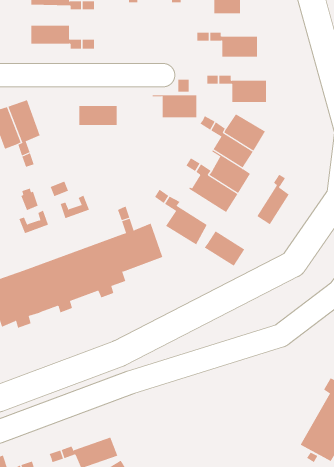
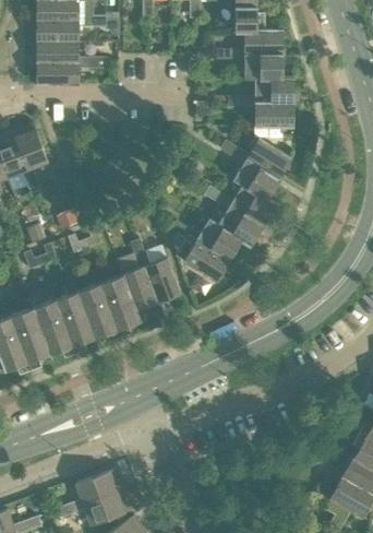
building: none -> [37,20,80,42]
building: none -> [236,29,284,54]
building: [152,95,197,118] -> [244,76,293,102]
building: [78,106,118,126] -> [37,62,80,84]
building: [256,174,290,225] -> none
building: [204,230,245,267] -> [196,220,241,259]
building: none -> [76,469,124,504]

